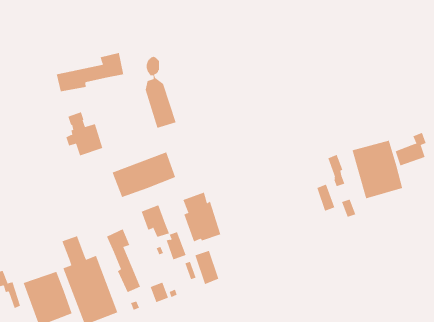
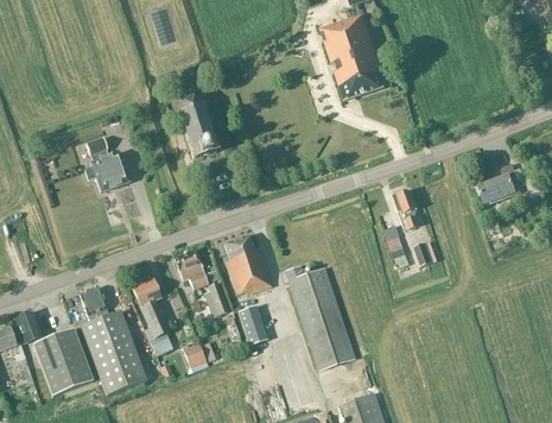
building: none -> [318,13,386,100]
building: [56,52,124,92] -> none
building: [352,140,403,199] -> none
building: [112,151,176,198] -> none
building: none -> [285,265,354,371]
building: none -> [13,311,42,343]

